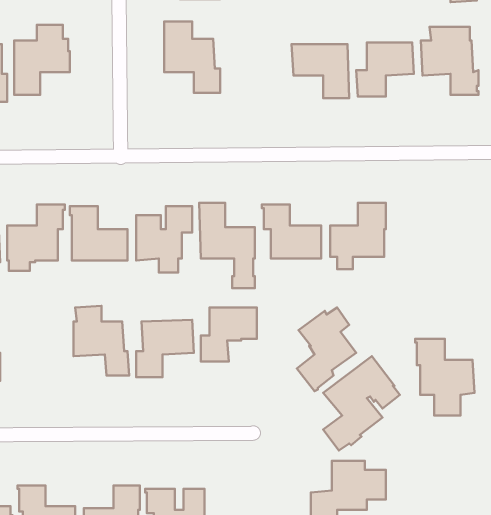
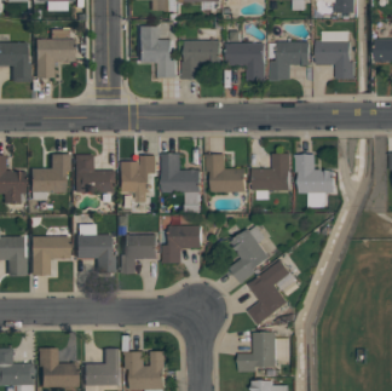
building: none -> [180,39,220,79]
building: none -> [28,236,68,276]
building: [415,339,474,416] -> [294,154,335,207]

